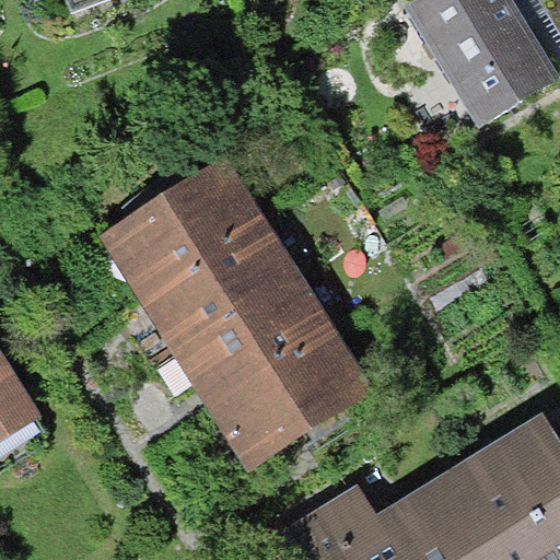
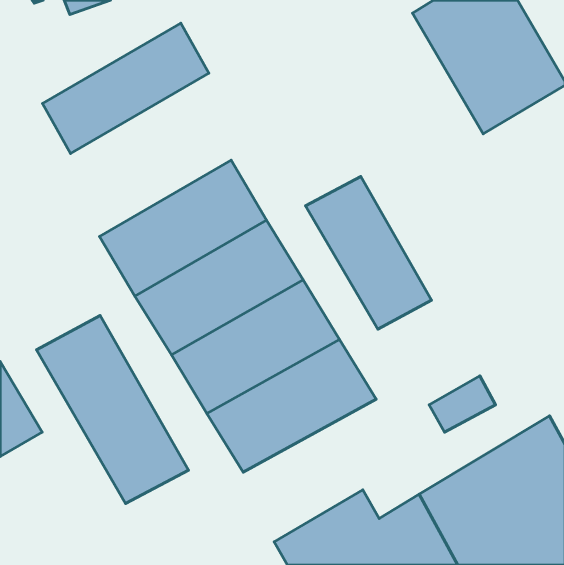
building: none -> [42,23,209,153]
building: none -> [306,176,432,329]
building: none -> [37,316,189,503]

